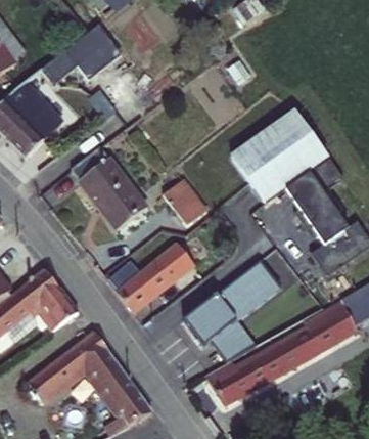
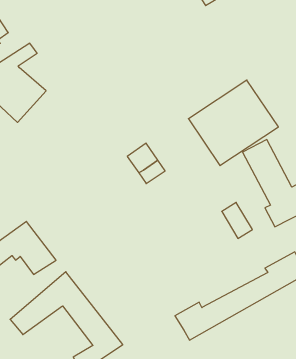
building: [47,37,103,86] -> none
building: [72,140,148,224] -> none
building: [103,248,191,316] -> none
building: [178,260,279,368] -> none

